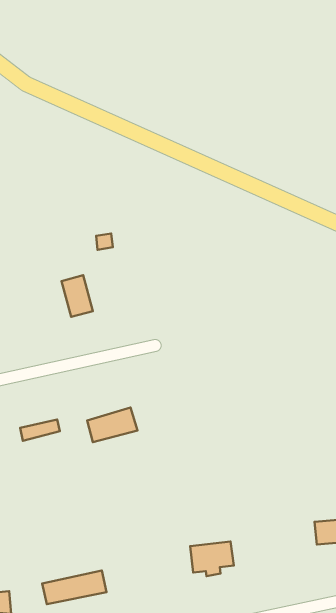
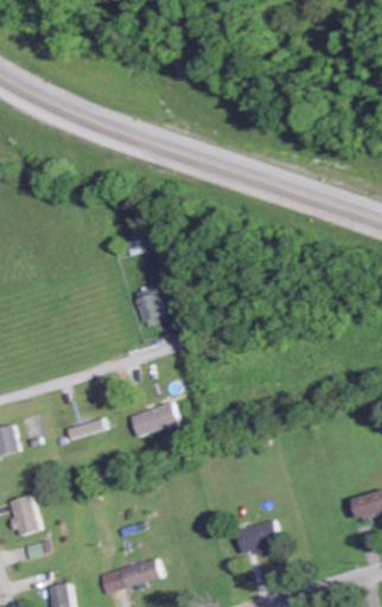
building: [61,275,93,317] -> [132,286,164,326]

